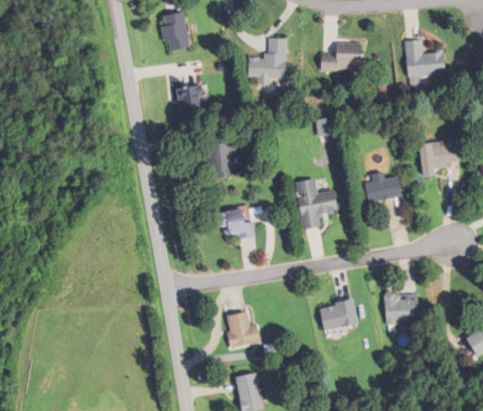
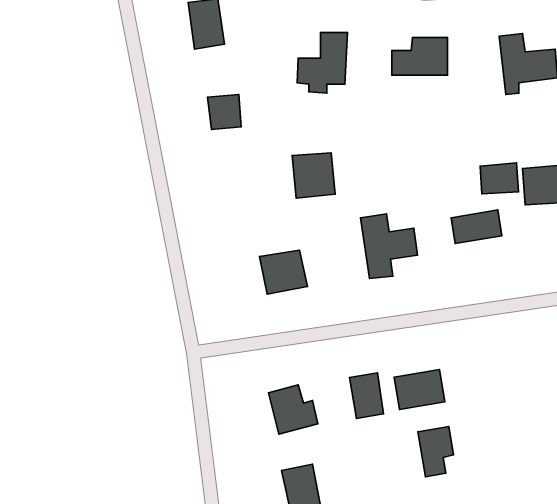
building: none -> [480,163,518,194]
building: [204,142,237,177] -> [292,153,335,198]
building: [384,292,419,323] -> none
building: none -> [349,373,384,418]
building: none -> [418,426,454,477]

